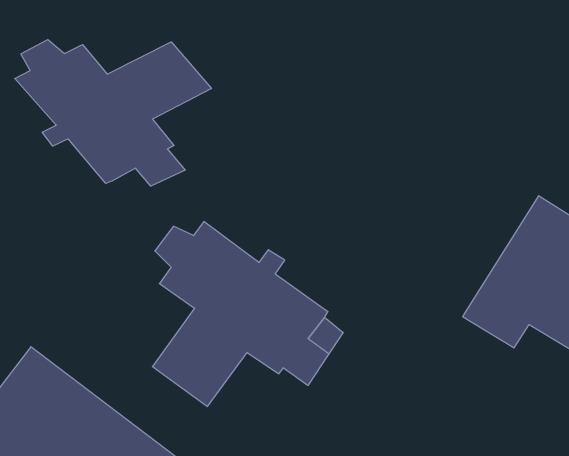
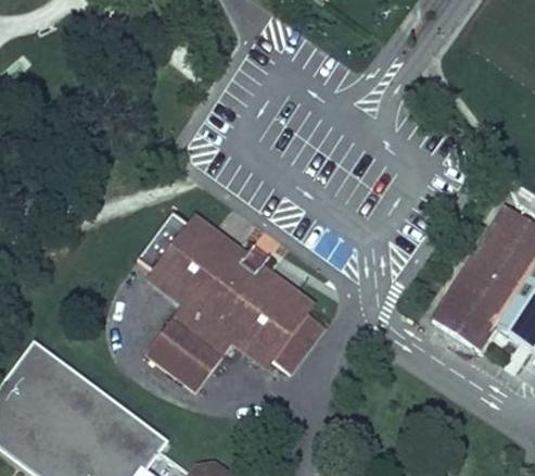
building: [15,40,211,186] -> none

